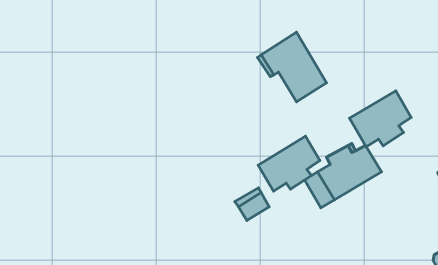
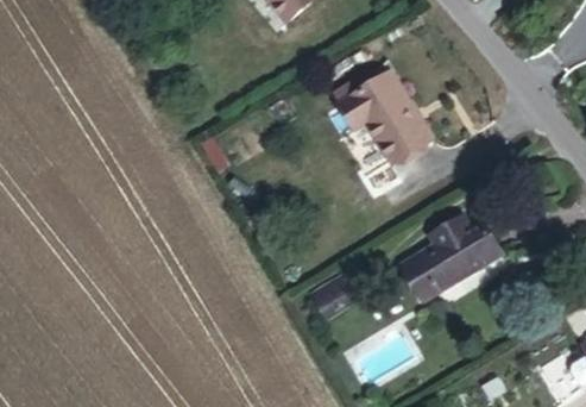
building: [350,91,411,147] -> none
building: [258,136,320,191] -> none

